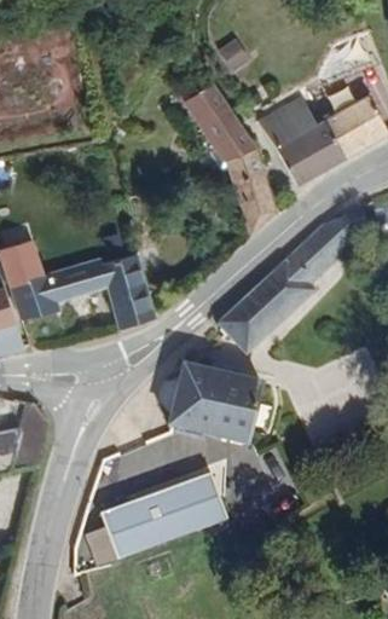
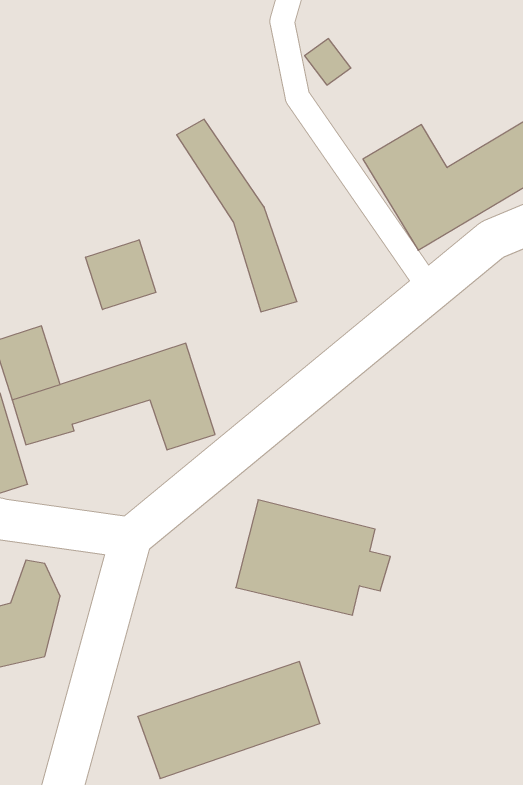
building: [189,88,273,224] -> [177,119,297,312]
building: none -> [86,240,156,310]
building: [216,216,353,352] -> none

